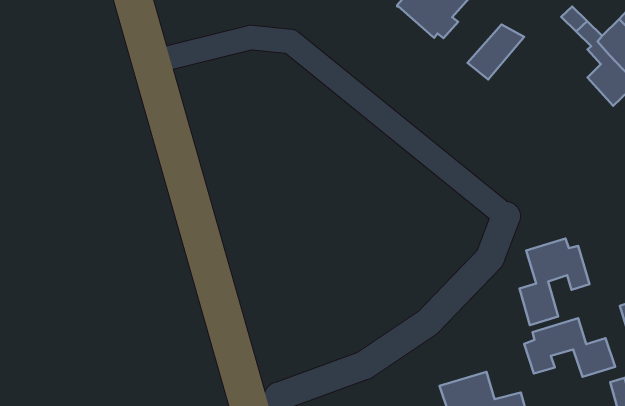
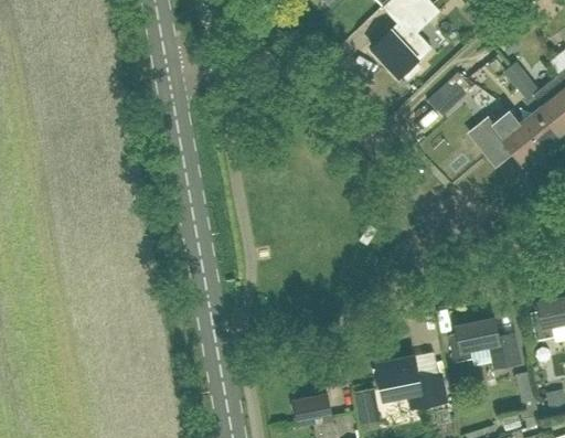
building: none -> [470,108,541,164]
building: [519,238,589,325] -> none

